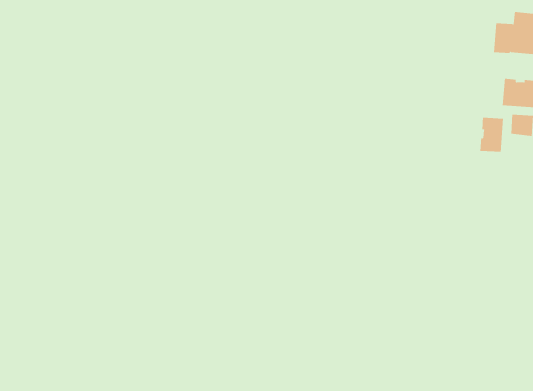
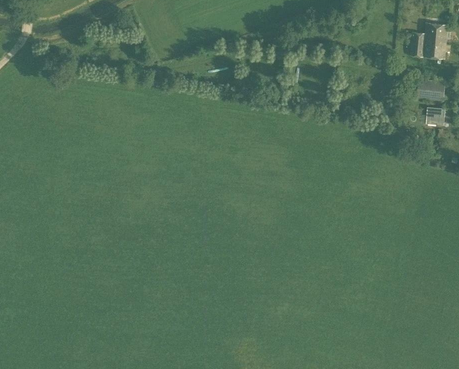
building: [480,117,503,153] -> none

